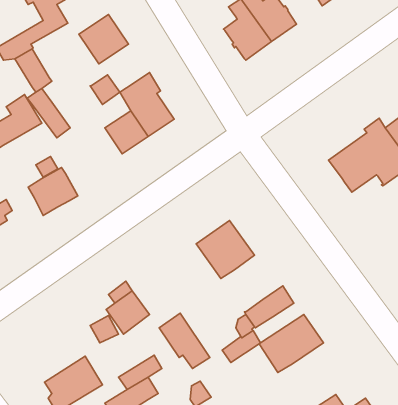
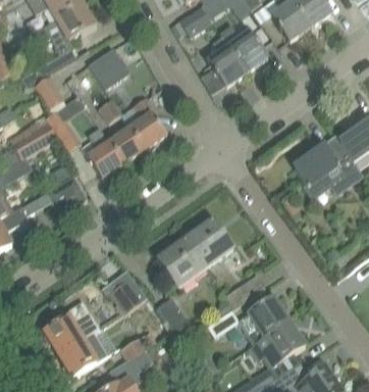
building: none -> [88,128,123,179]
building: none -> [158,239,205,287]
building: none -> [44,300,99,353]
building: none -> [250,321,305,365]

